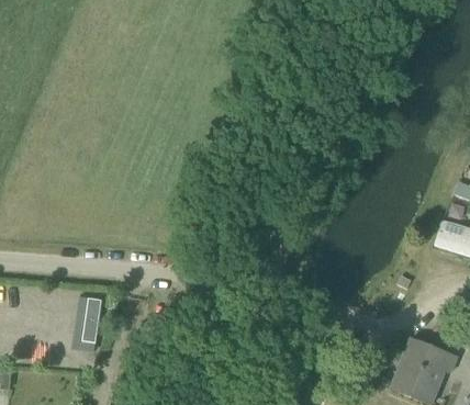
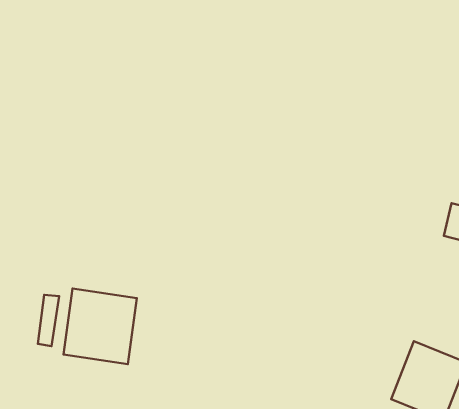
building: none -> [63,288,137,364]

